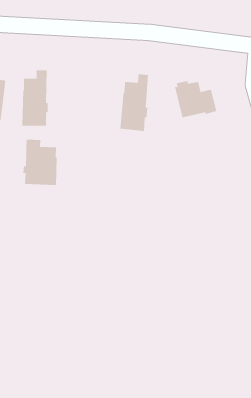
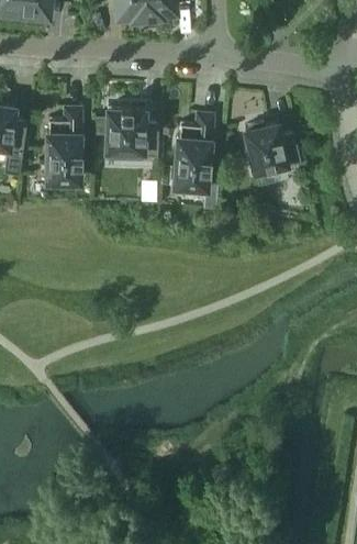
building: none -> [105,108,158,162]
building: [23,139,57,186] -> none

